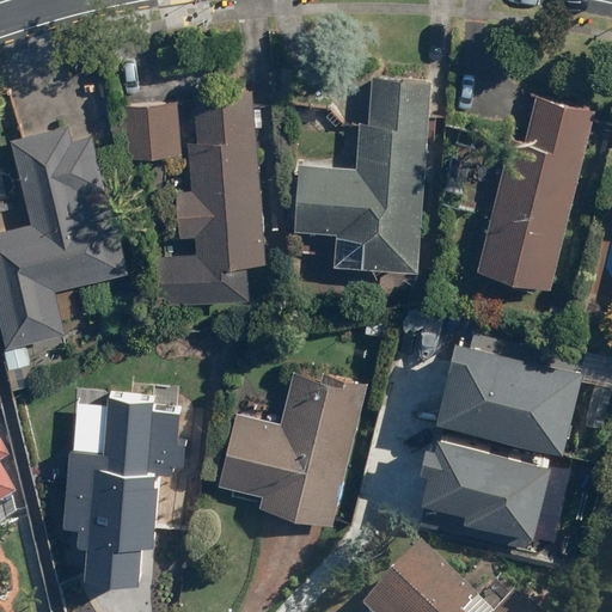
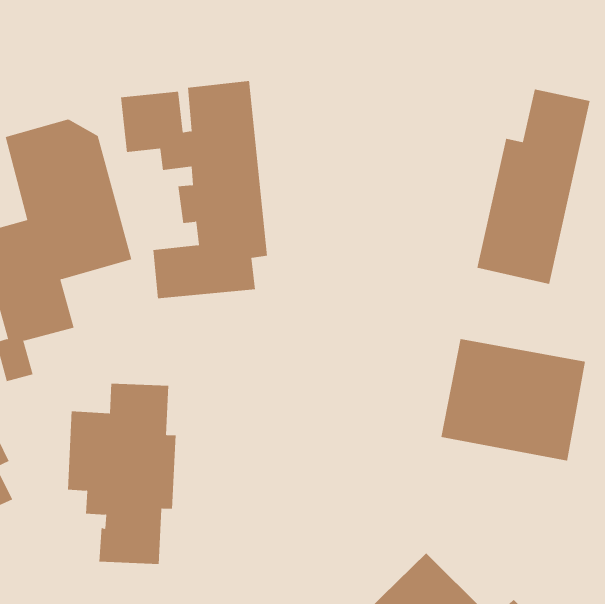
building: [294,76,428,273] -> none
building: [212,369,362,530] -> none
building: [421,445,565,567] -> none

